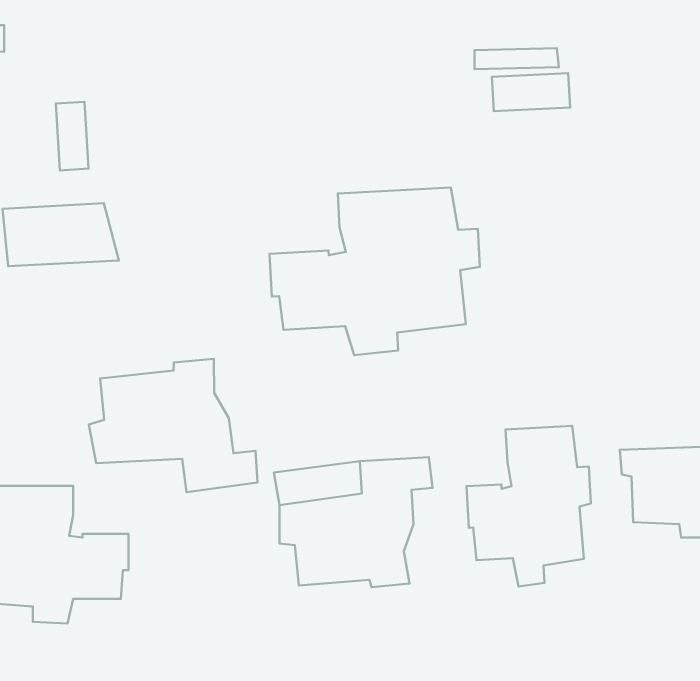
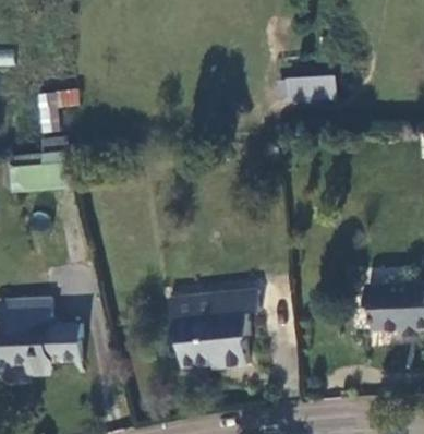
building: [269,187,480,355] -> none
building: [89,359,257,492] -> none
building: [467,426,591,586] -> none

